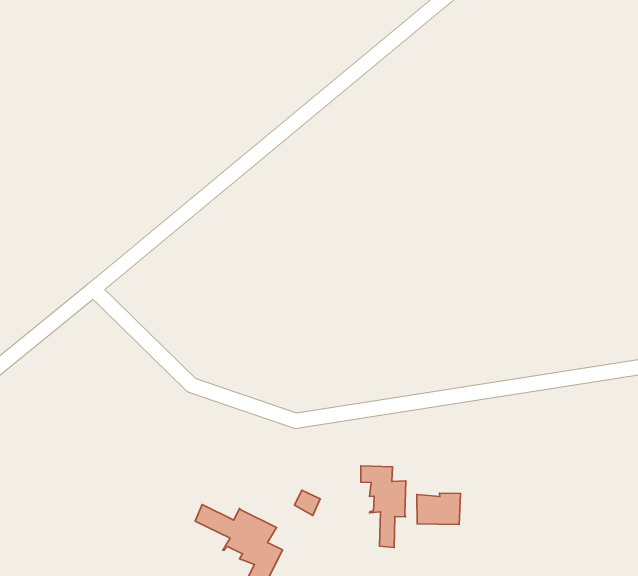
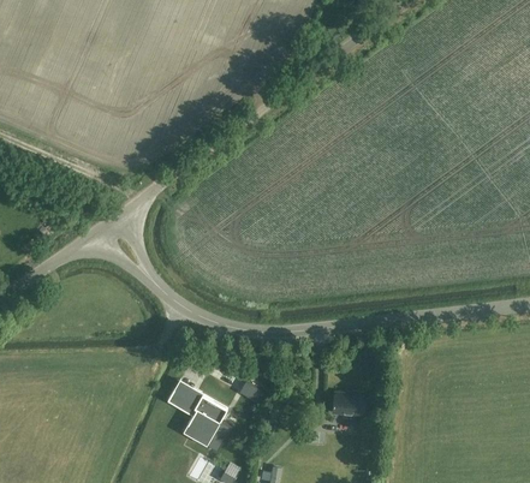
building: [361,466,406,547] -> none

